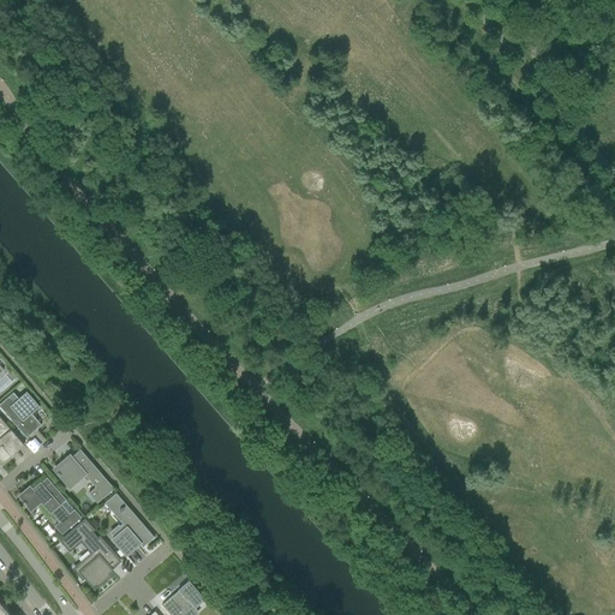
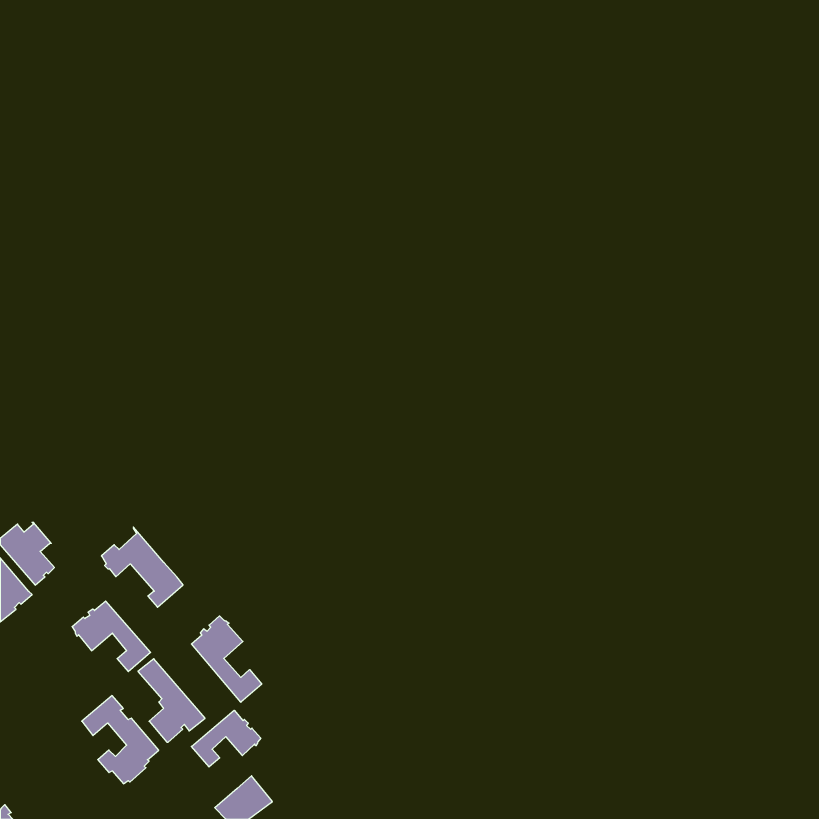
building: none -> [191,616,262,702]
building: [19,474,80,535] -> [101,527,183,607]
building: none -> [191,710,261,767]

